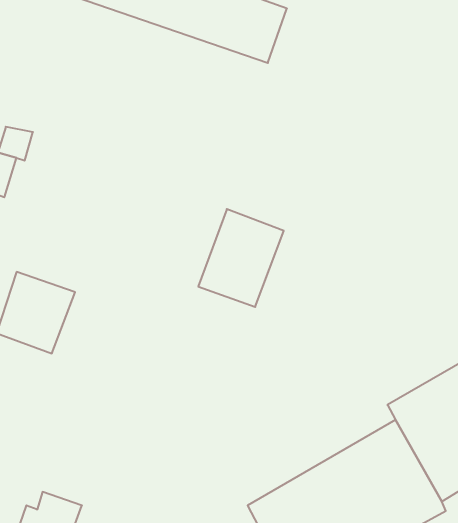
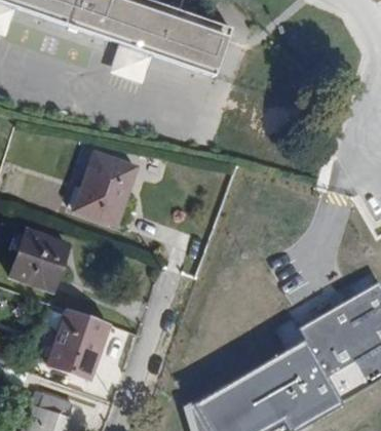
building: [198,209,284,307] -> [71,152,136,226]
building: none -> [44,309,108,381]

